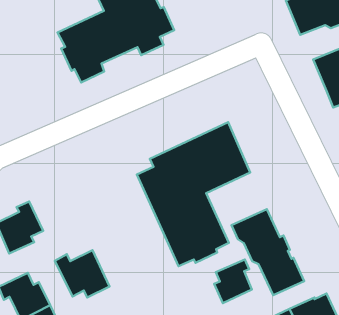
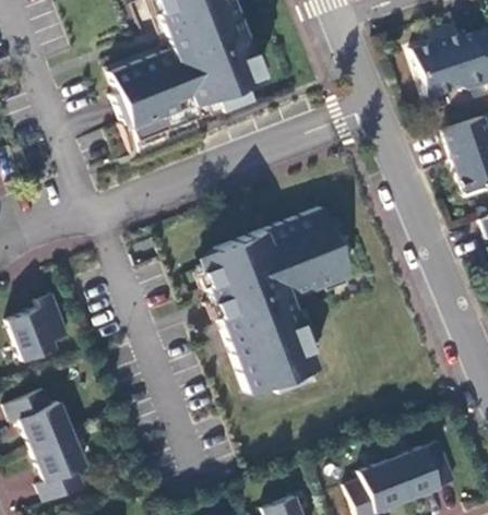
building: [232,209,304,295] -> none
building: [55,250,110,297] -> none
building: [214,260,252,303] -> none

